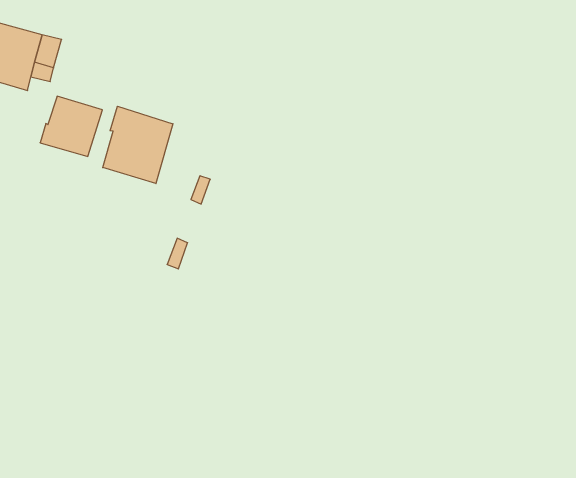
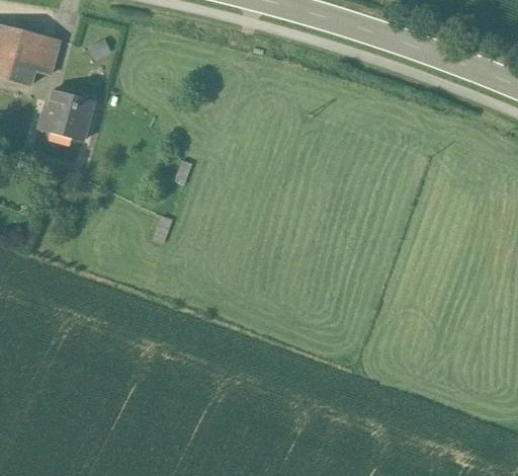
building: [103,106,173,184] -> none

